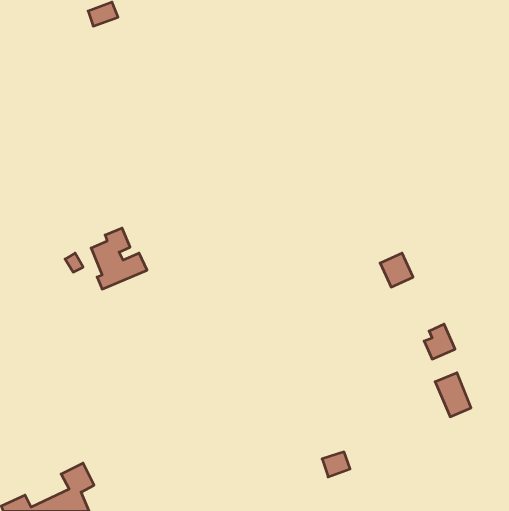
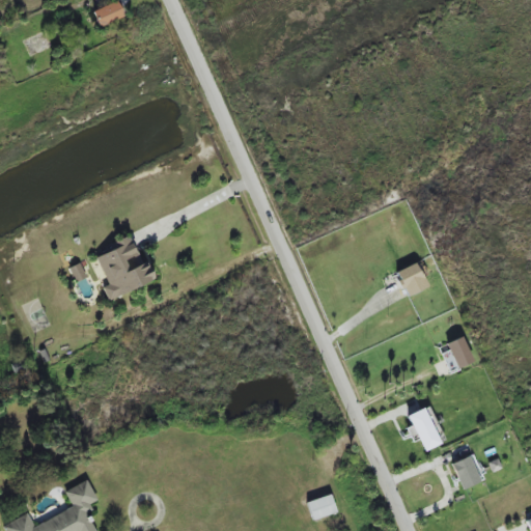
building: [435,373,471,417] -> [408,406,445,451]
building: none -> [452,454,486,490]
building: [322,452,350,477] -> [308,495,337,521]

